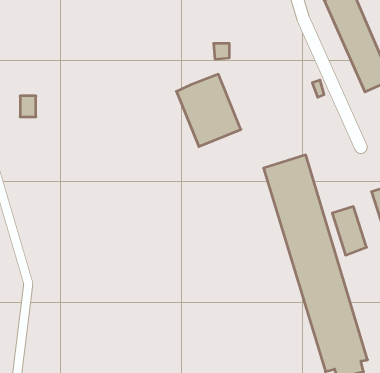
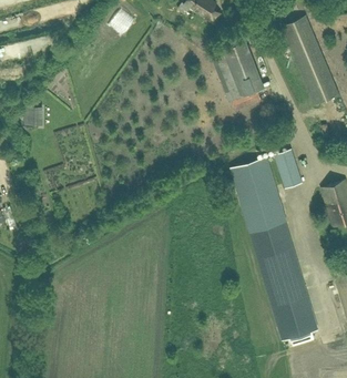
building: [176,74,241,147] -> [210,41,264,102]
building: [332,207,367,255] -> [274,149,303,190]

